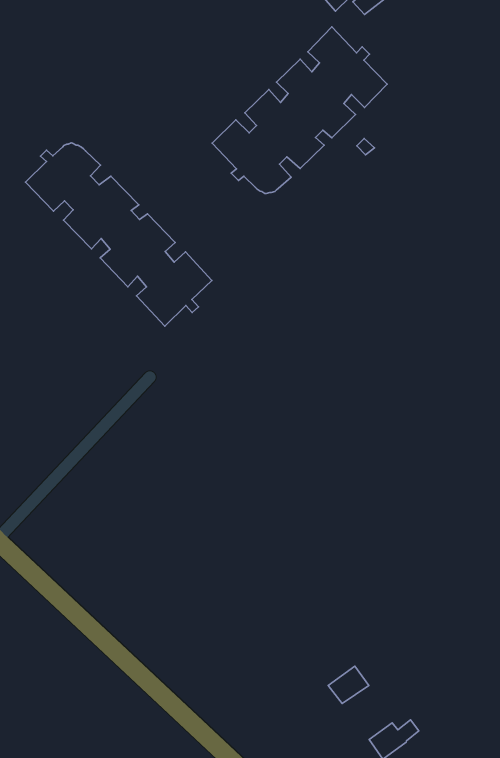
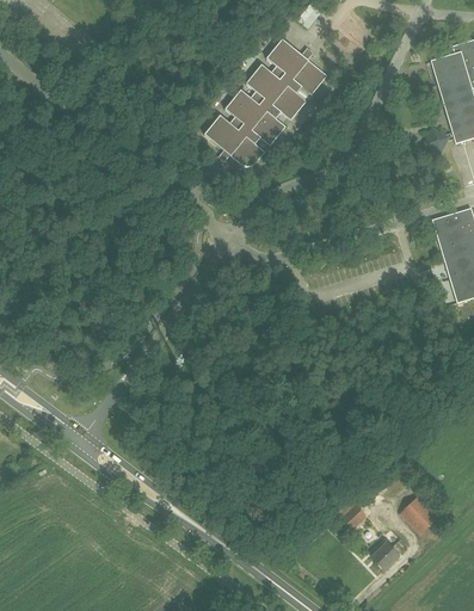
building: [25,143,212,326] -> none
building: none -> [401,496,438,533]

